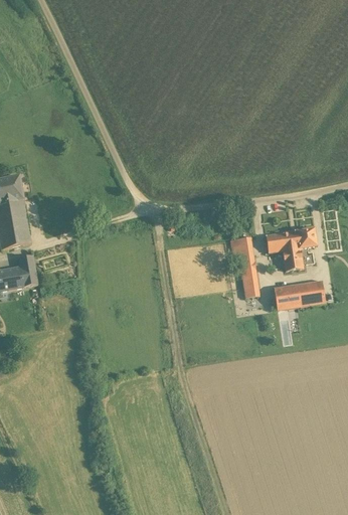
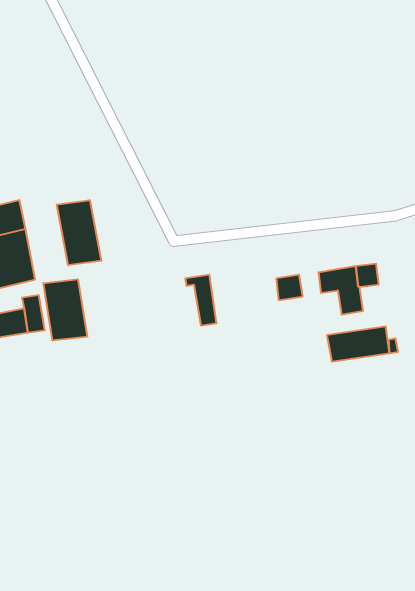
building: none -> [57,200,101,265]
building: none -> [43,279,87,341]
building: [233,255,259,298] -> [185,275,217,326]

